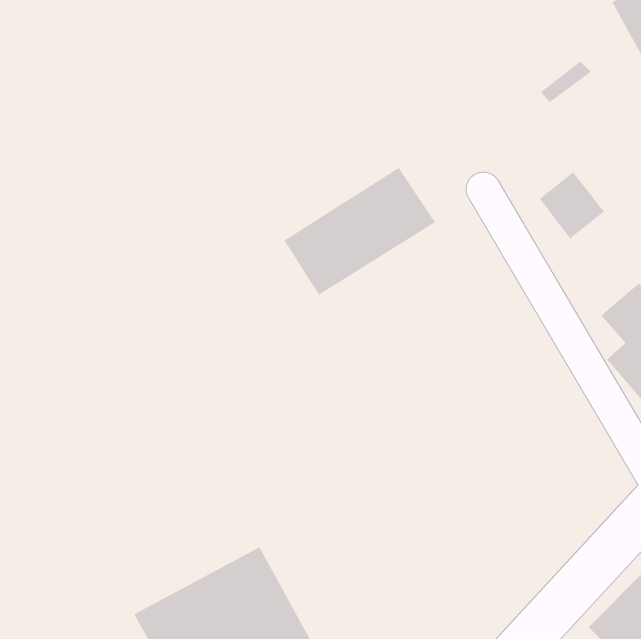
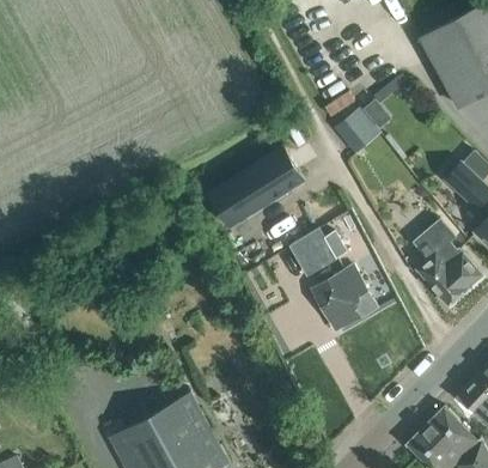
building: [539,171,605,239] -> [337,108,380,152]
building: none -> [291,230,347,278]
building: none -> [311,265,378,327]

